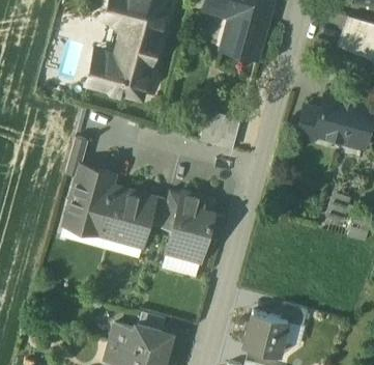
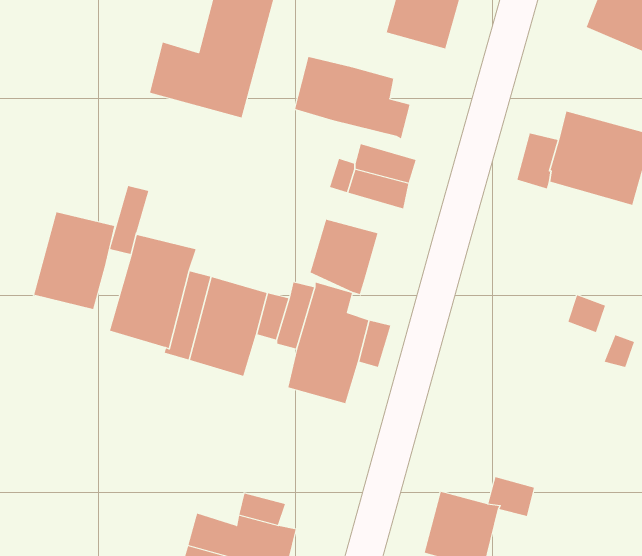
building: none -> [295,56,410,139]
building: none -> [33,212,115,310]
building: none -> [310,219,378,295]

